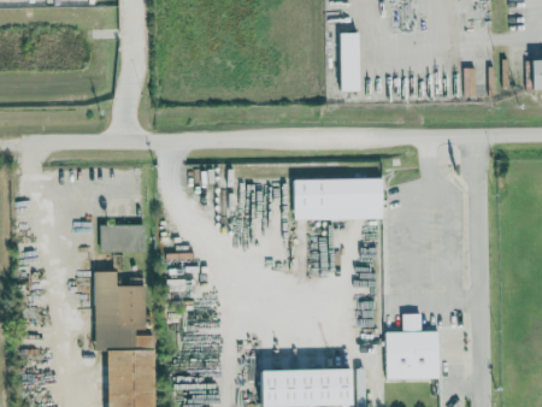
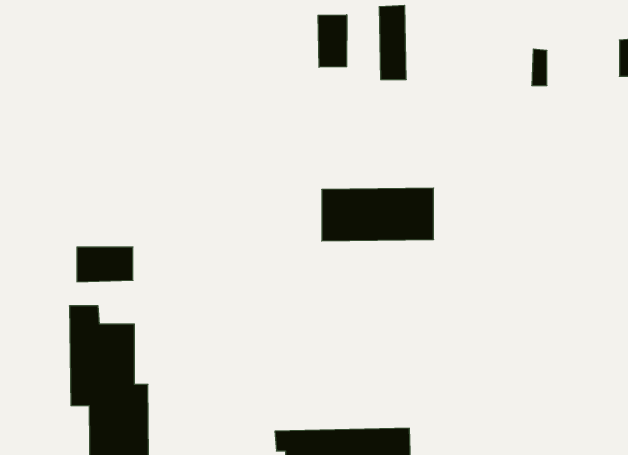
building: none -> [318,15,347,67]
building: [384,313,438,378] -> none

